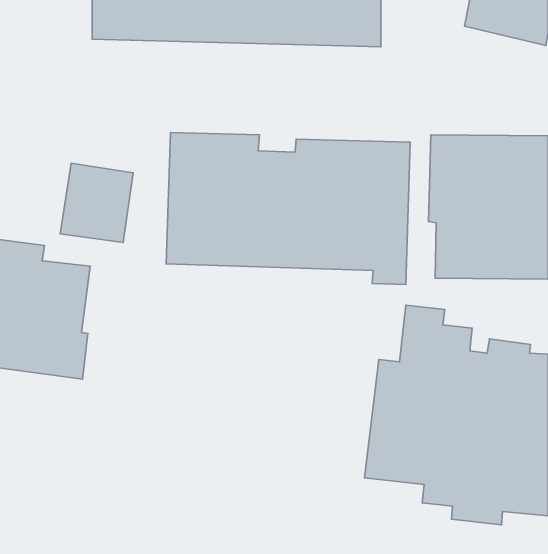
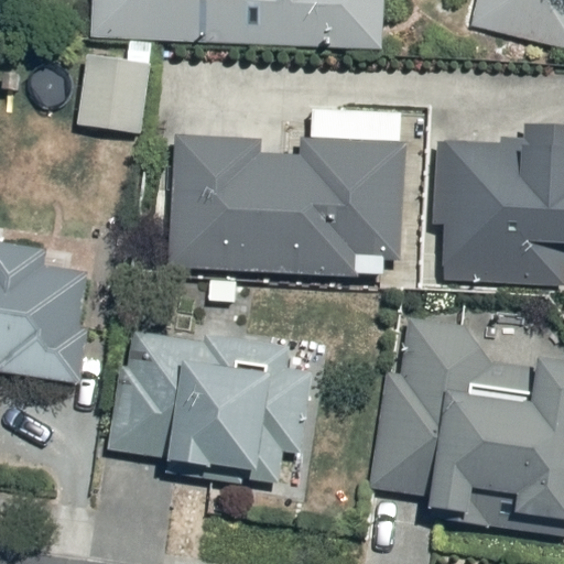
building: [60,163,133,242] -> [76,54,150,134]
building: none -> [106,324,315,480]

